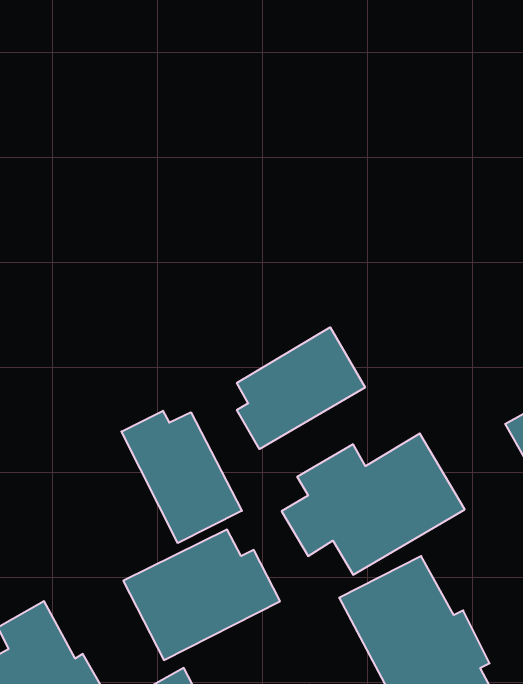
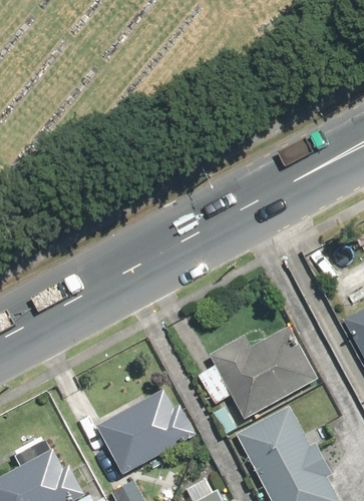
building: [237,327,365,449] -> none
building: [121,411,242,543] -> none

